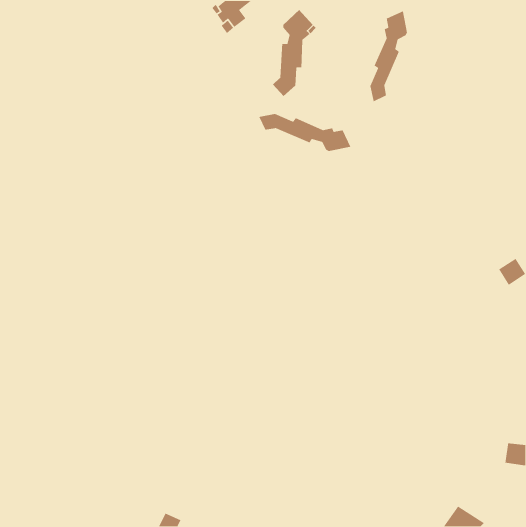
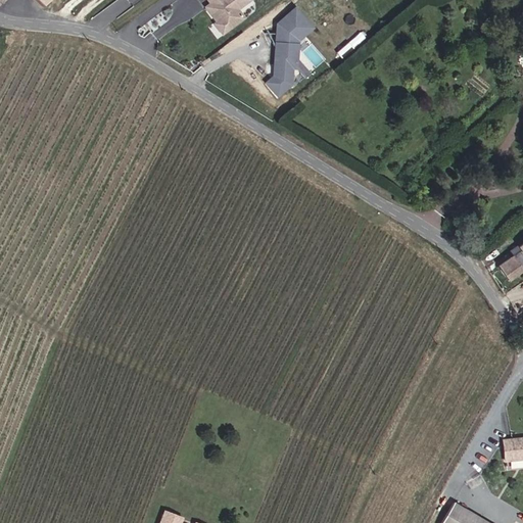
building: [370,10,408,103] -> none
building: [258,113,352,152] -> none

